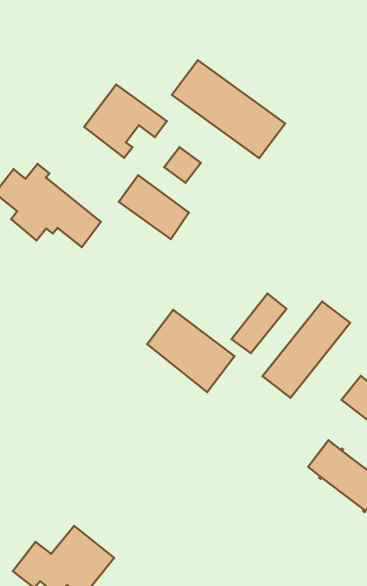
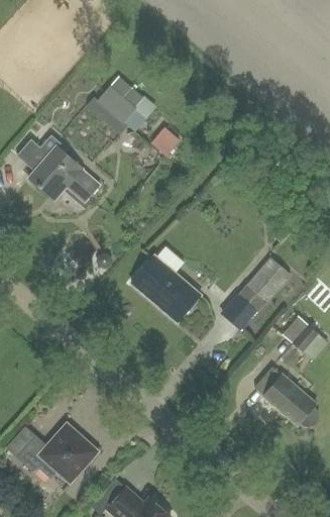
building: [172,60,285,158] -> none
building: [119,175,189,239] -> none
building: [231,294,287,353] -> none

